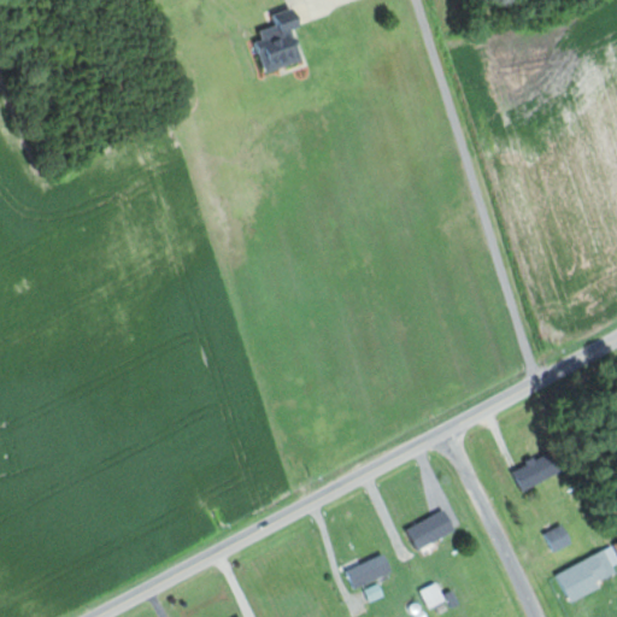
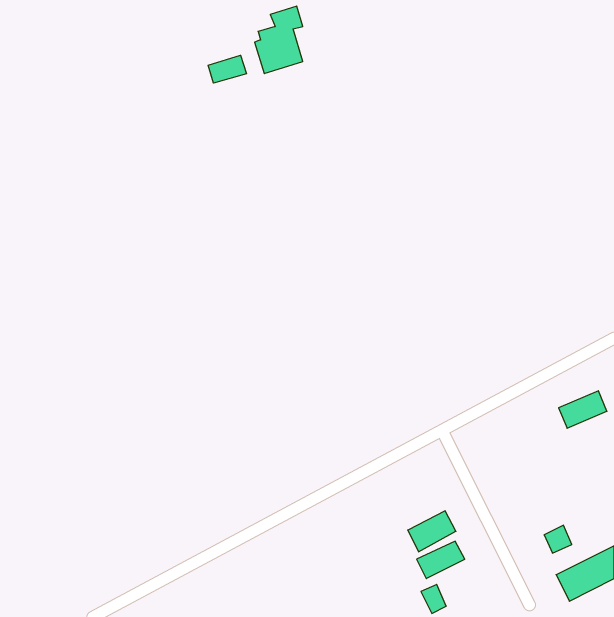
building: none -> [208,55,247,83]
building: [513,453,562,490] -> [559,391,607,428]
building: [345,553,393,590] -> [417,541,465,579]

